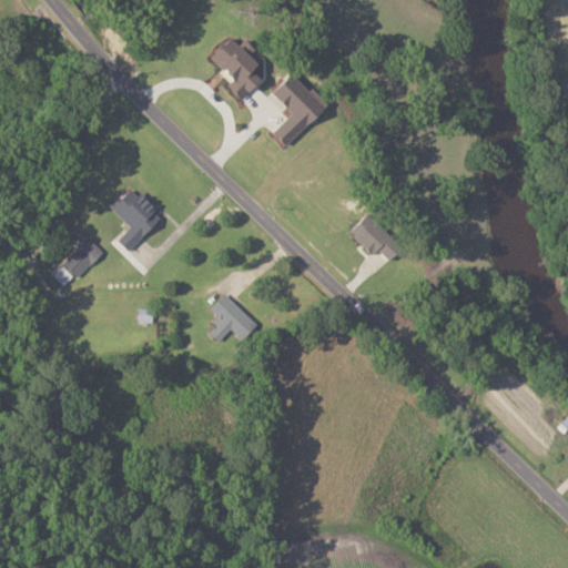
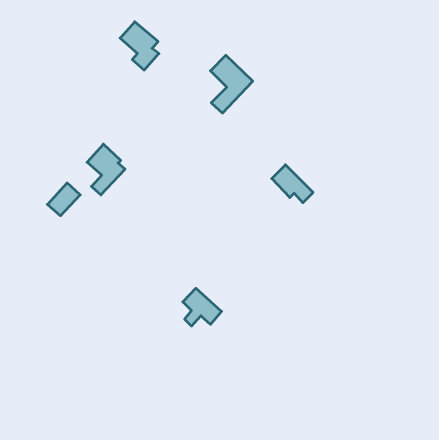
building: [212,38,262,100] -> [120,22,159,70]
building: [207,294,257,343] -> [183,288,222,326]

